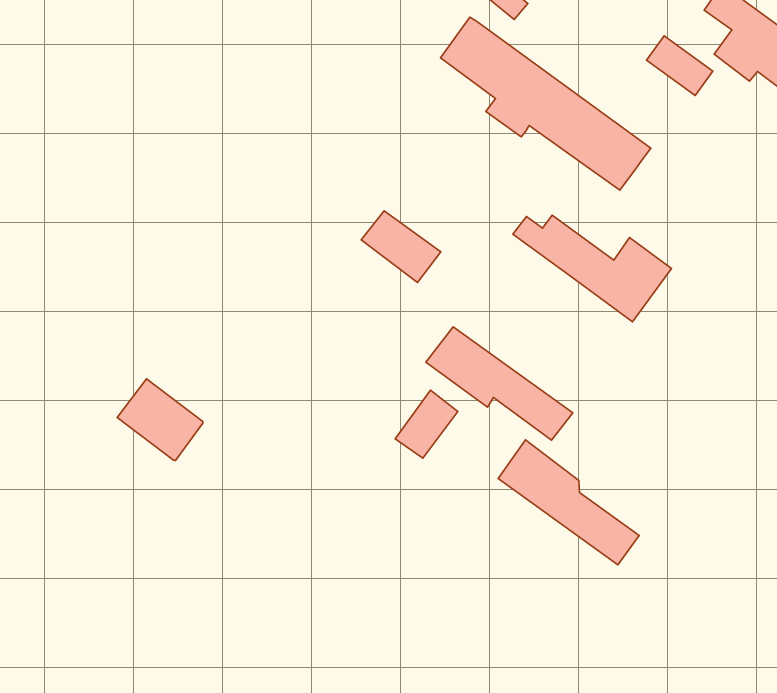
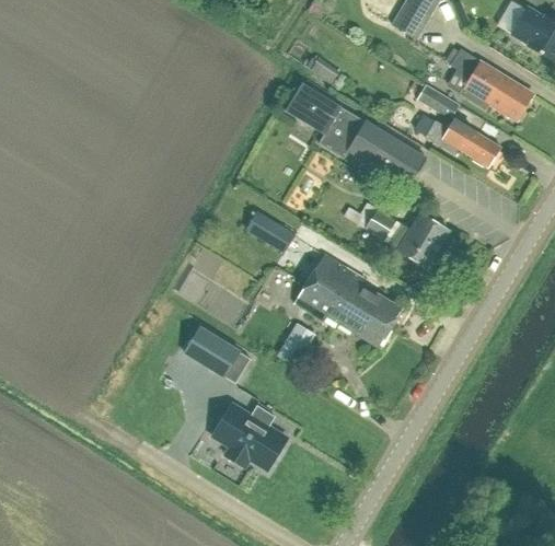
building: none -> [423,118,498,164]
building: [117,379,203,460] -> [184,324,239,374]
building: [498,440,639,565] -> [309,254,402,328]
building: none -> [213,403,285,467]

